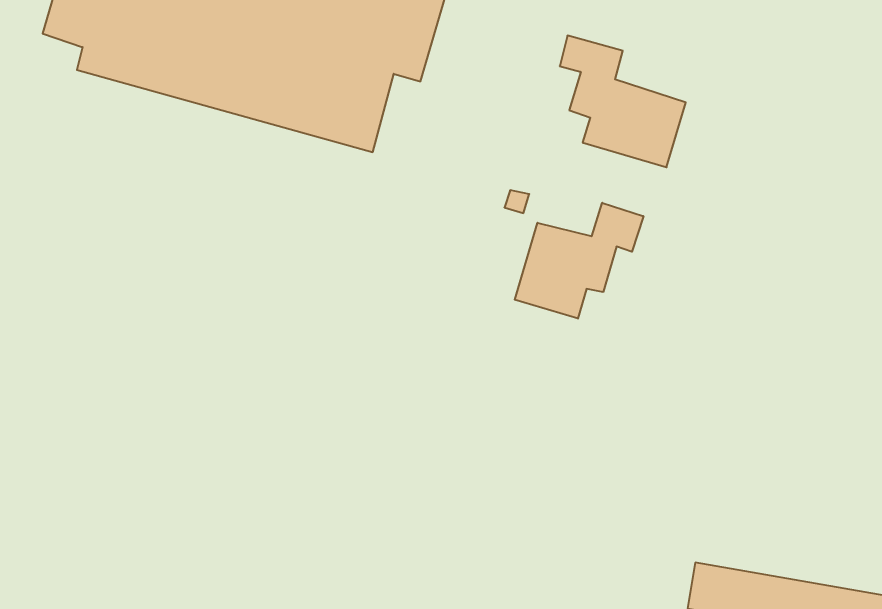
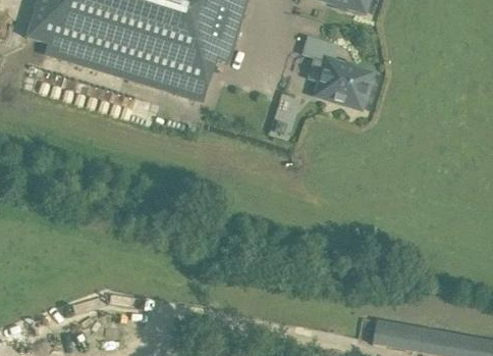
building: [515,203,643,319] -> none

